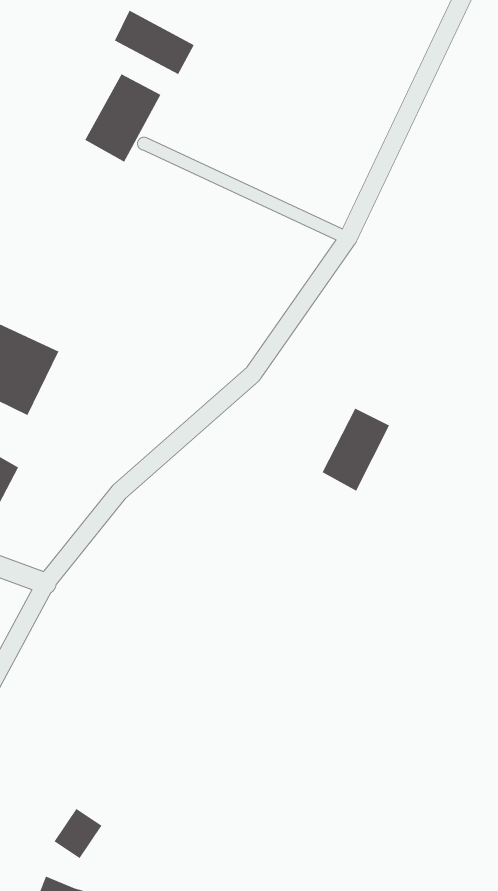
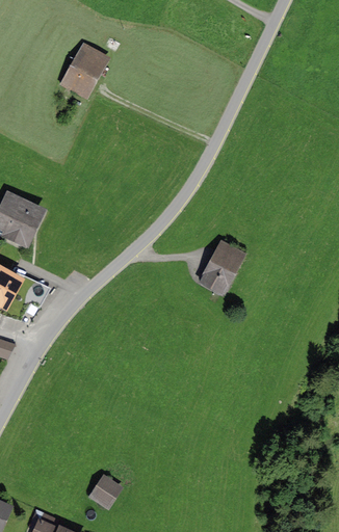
building: [114,9,195,75] -> none
building: [53,808,103,859] -> [92,476,121,506]

